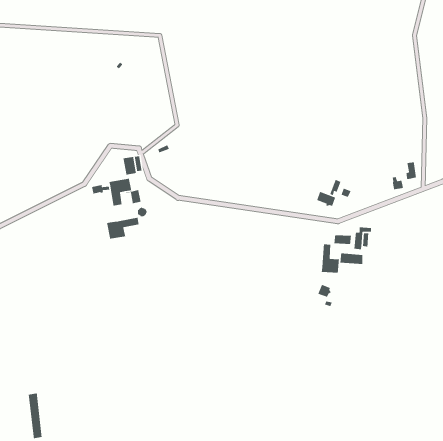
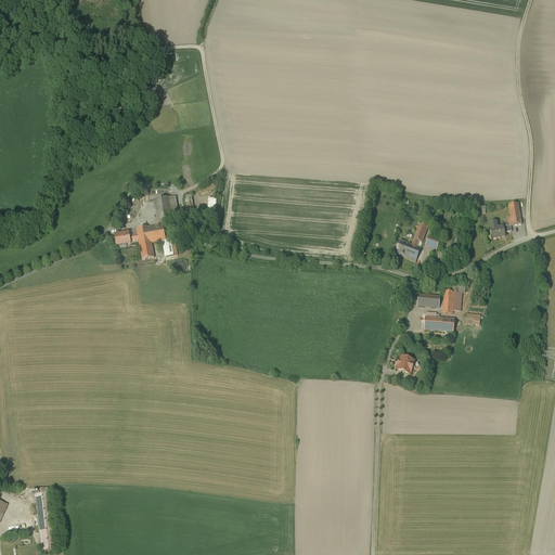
building: [106,217,140,239] -> none
building: [321,243,340,274] -> none

